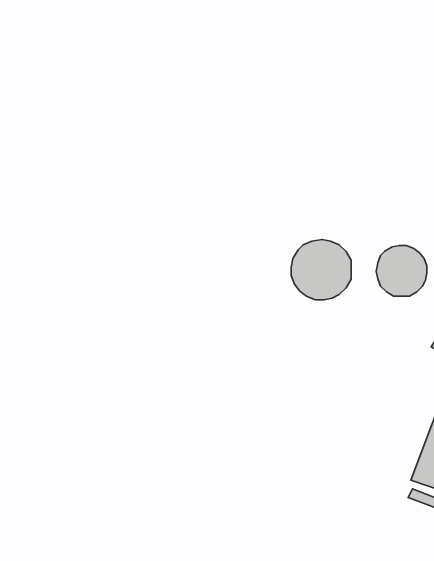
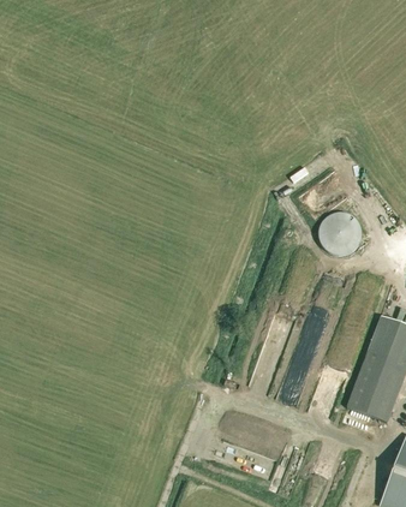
building: [291,240,351,300] -> none

